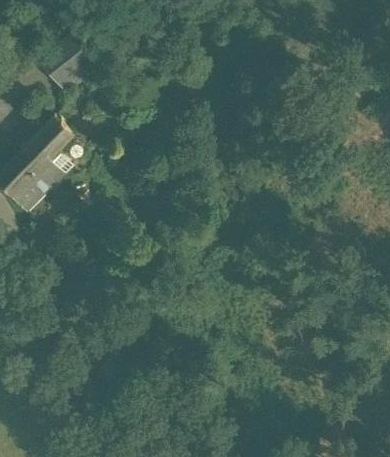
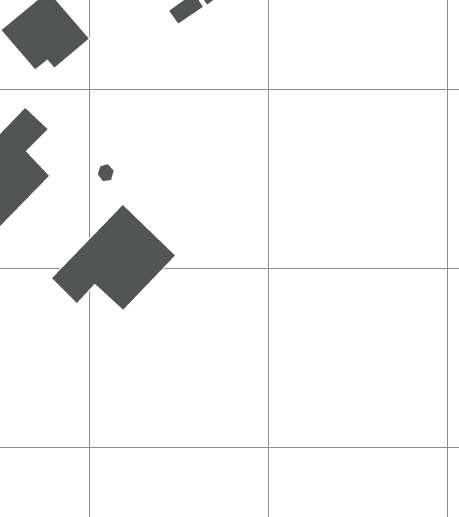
building: none -> [51,204,176,310]

